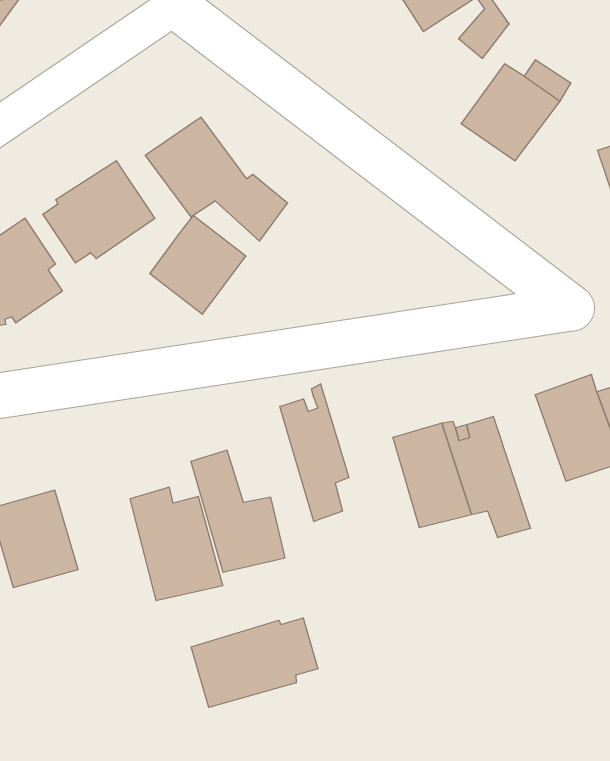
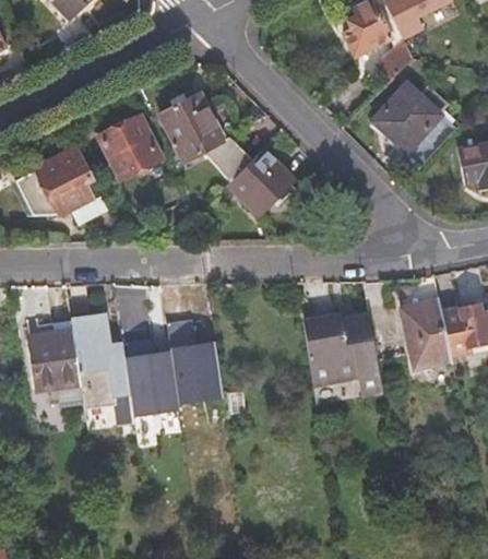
building: [150,215,246,314] -> [228,148,294,215]
building: [280,384,349,522] -> none
building: none -> [68,311,123,408]
building: [191,618,318,707] -> none

